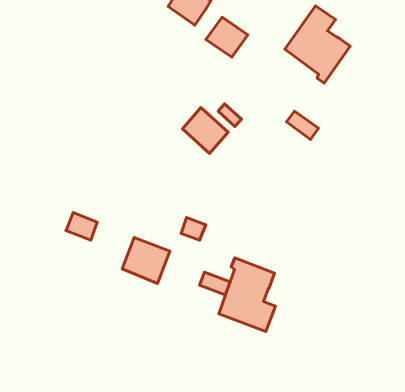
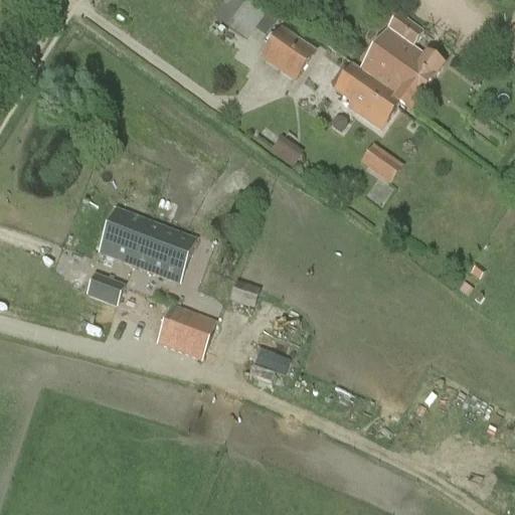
building: none -> [333,64,400,128]
building: [182,107,228,153] -> none
building: none -> [96,205,195,283]
building: [219,258,276,331] -> none

